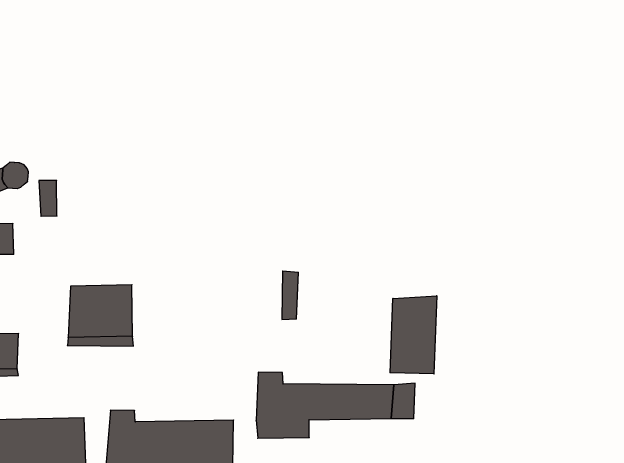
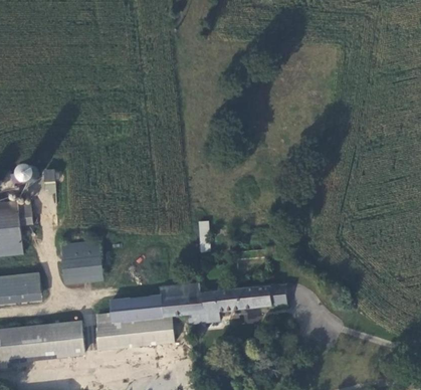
building: [390,296,437,374] -> none
building: none -> [110,283,187,321]

